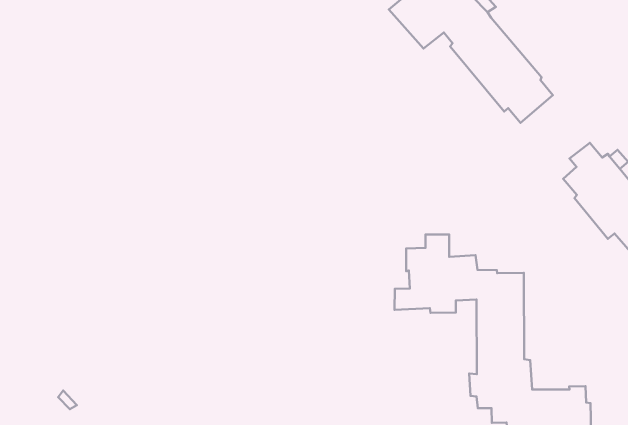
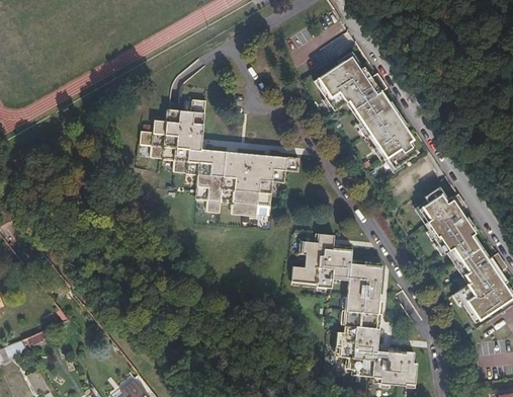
building: none -> [139,98,298,217]

